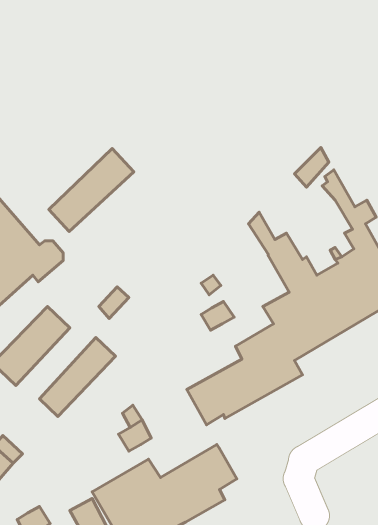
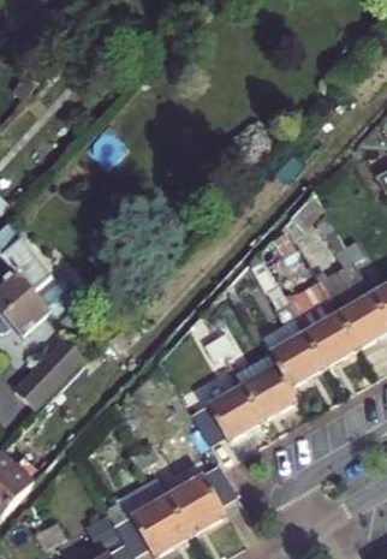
building: [49,149,134,231] -> none
building: [39,337,116,416] -> none

